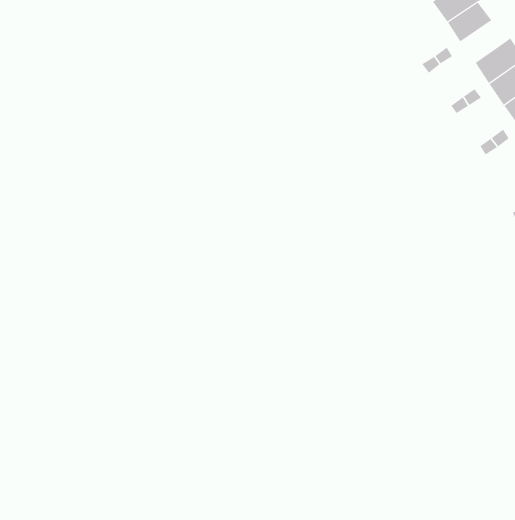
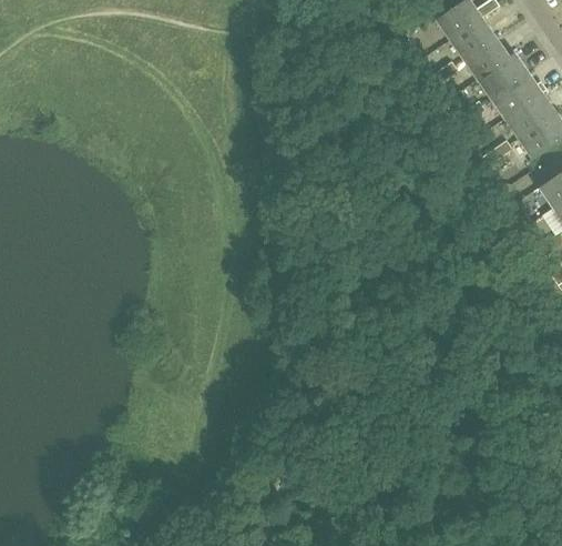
building: none -> [464,38,509,79]

